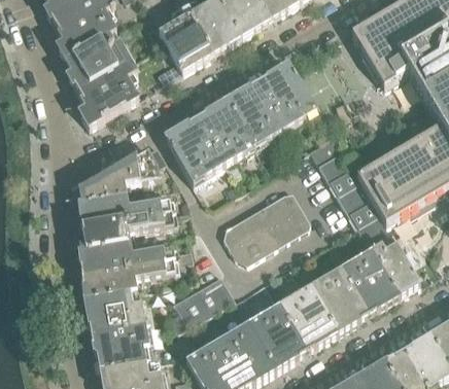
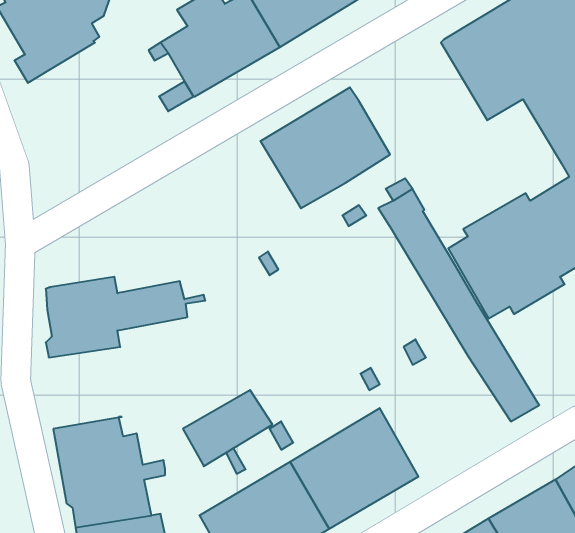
building: [66,31,138,123] -> none
building: [165,99,254,182] -> none
building: [78,141,164,200] -> none
building: [222,187,309,259] -> none
building: [78,241,193,297] -> none
building: [309,247,400,330] -> none

